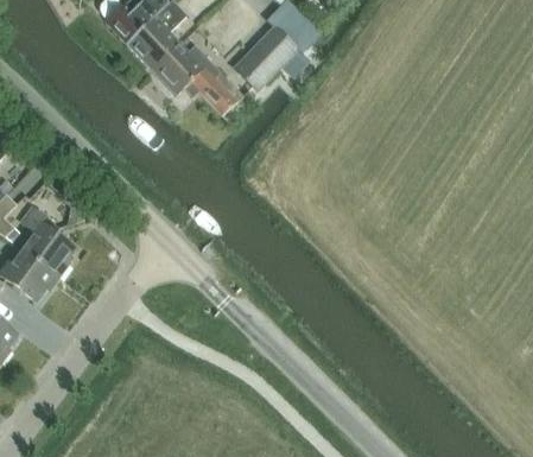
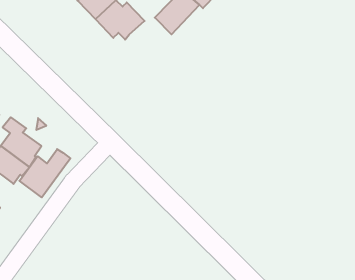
building: [198,71,243,115] -> none
building: none -> [19,149,70,197]

